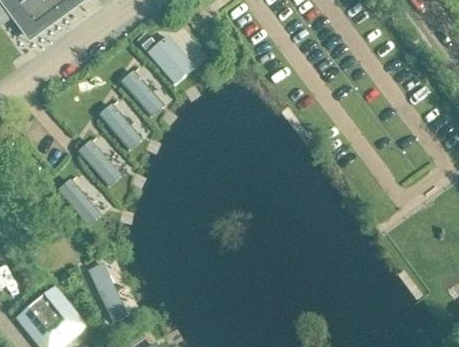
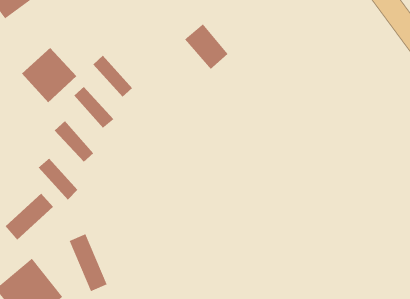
building: [144,34,191,83] -> [184,24,228,70]
building: none -> [21,47,77,103]
building: none -> [5,193,54,240]

